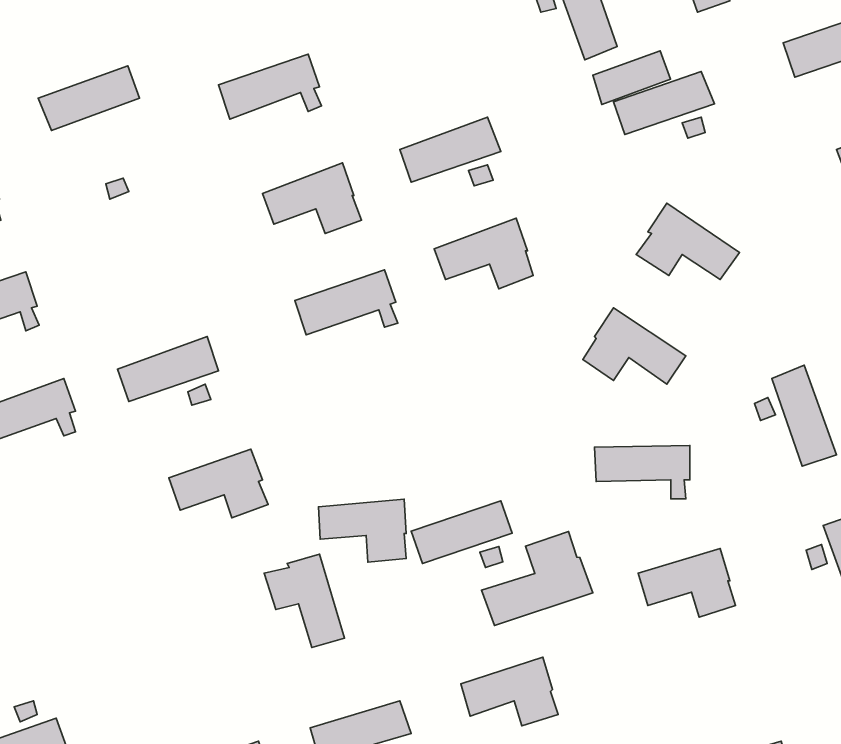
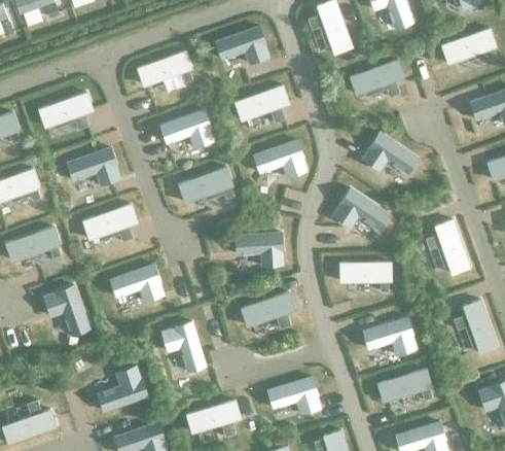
building: none -> [215,27,268,64]
building: [593,51,670,105] -> none
building: [38,66,139,131] -> [38,93,93,128]
building: none -> [67,148,120,185]
building: none -> [44,285,89,336]
building: [318,499,406,562] -> [236,233,283,267]
building: [482,532,593,625] -> none
building: none -> [98,367,147,412]
building: none -> [377,369,432,402]

